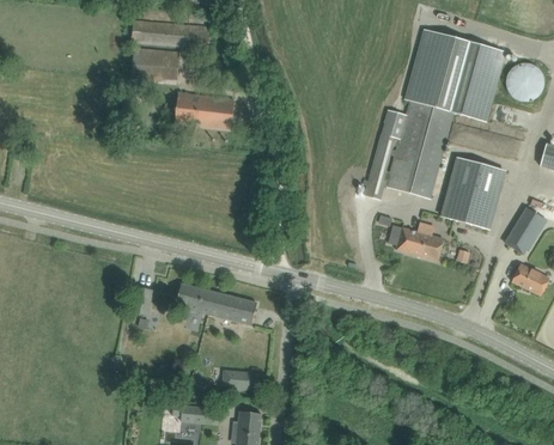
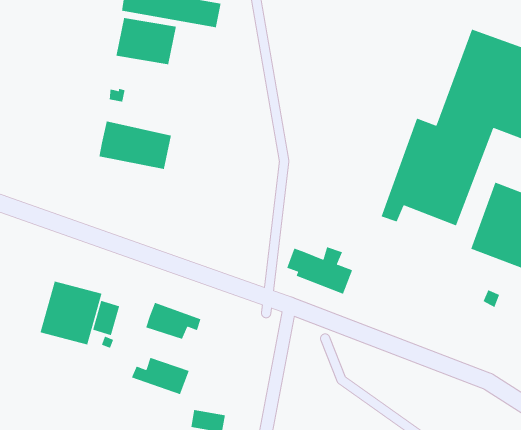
building: [175,92,235,129] -> [99,121,172,170]
building: [388,220,444,260] -> [286,246,353,295]
building: none -> [40,280,103,345]
building: [208,293,257,323] -> [131,357,190,395]

